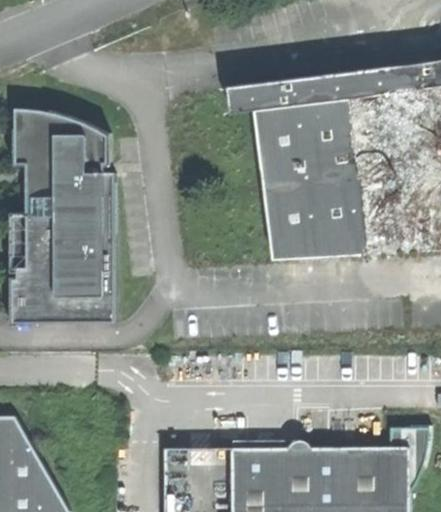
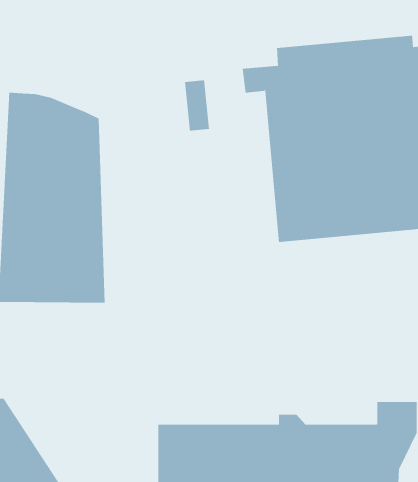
building: [247,110,273,162] -> [184,80,210,131]

